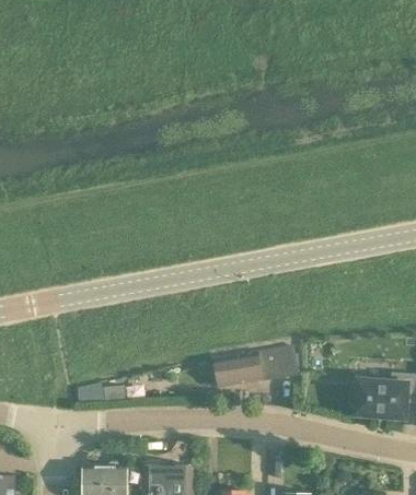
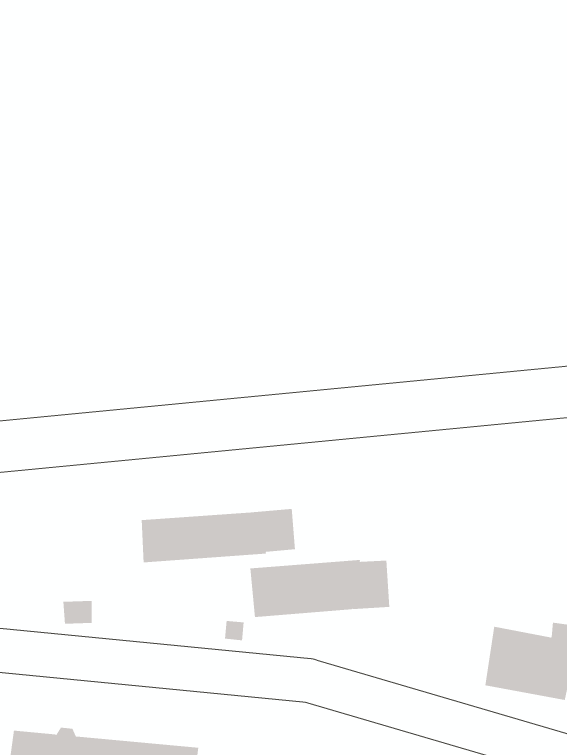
building: none -> [141,508,295,563]

